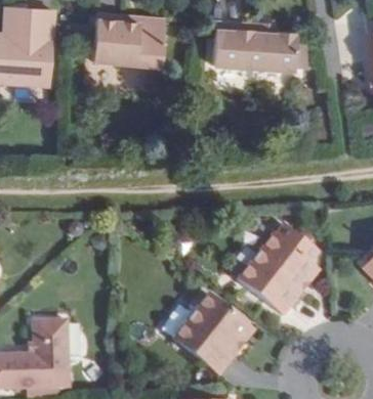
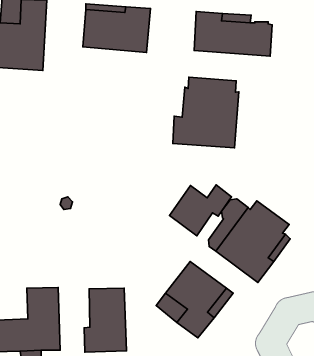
building: none -> [173,77,239,148]
building: none -> [170,185,232,236]
building: none -> [84,288,126,352]

